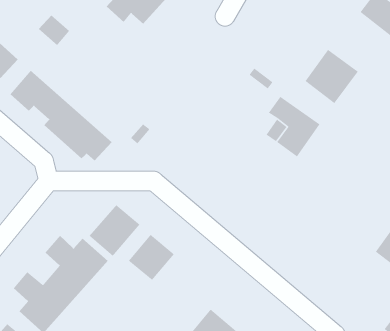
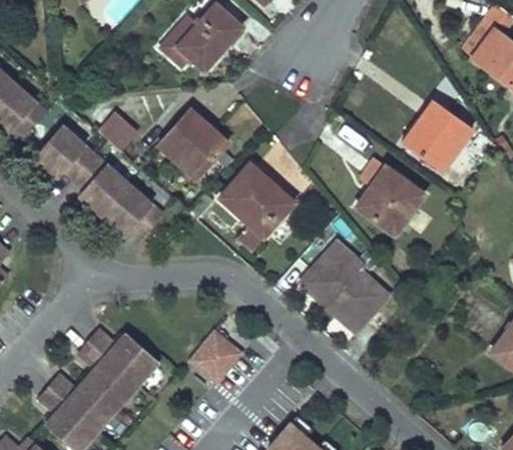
building: [38,15,70,46] -> [97,112,137,151]
building: none -> [159,110,228,178]
building: none -> [219,162,295,238]
building: none -> [300,239,390,331]
building: [89,204,140,257] -> none

